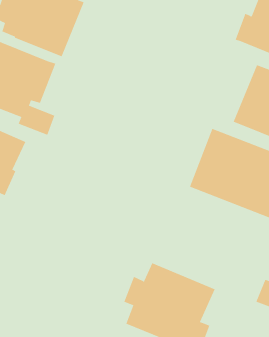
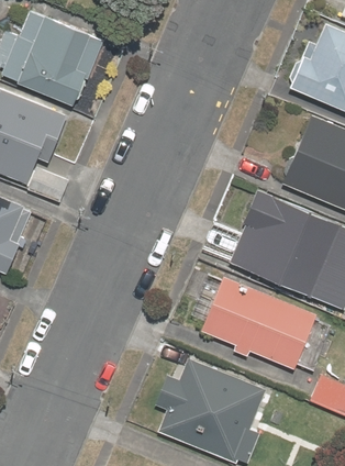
building: none -> [201,277,318,370]

